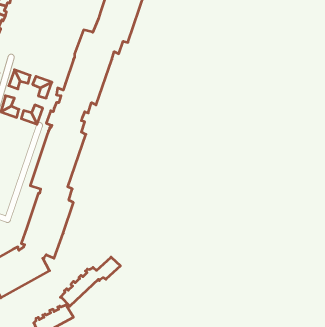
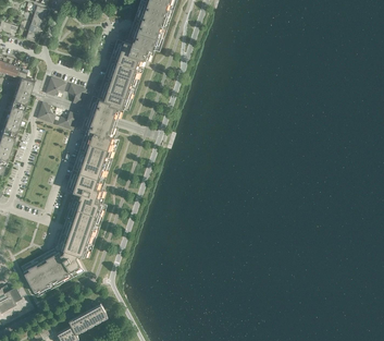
building: [60,257,120,306] -> none

